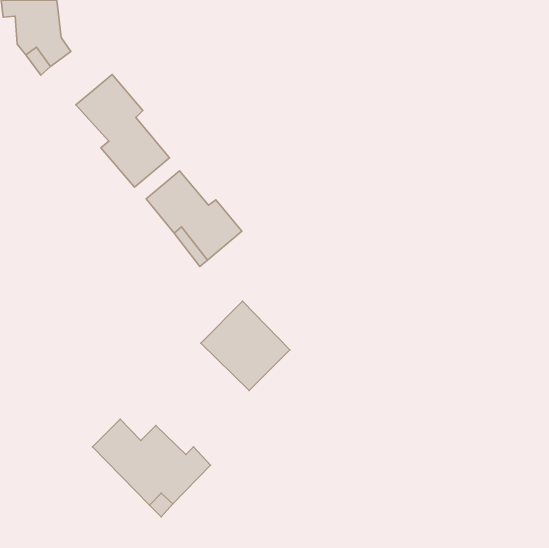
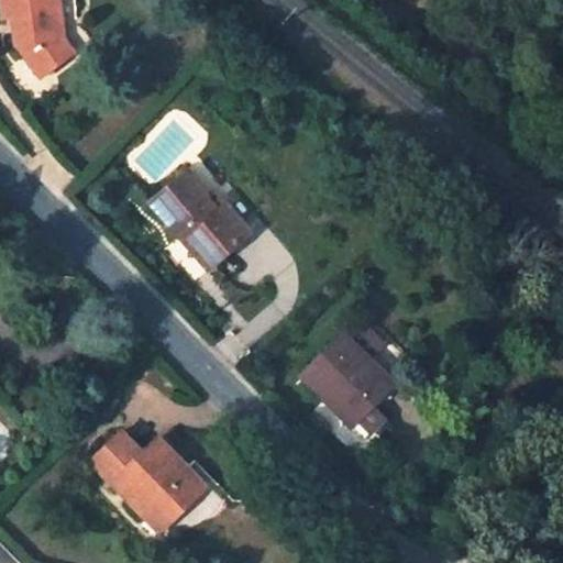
building: [76,74,170,187] -> none
building: [201,301,290,390] -> [302,333,394,424]

